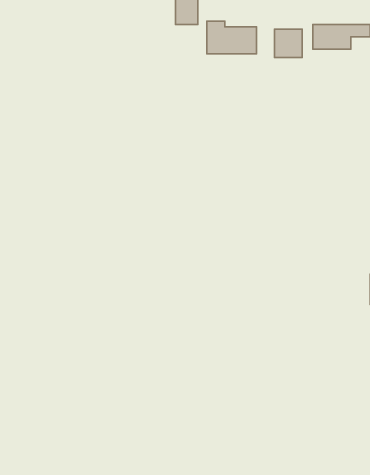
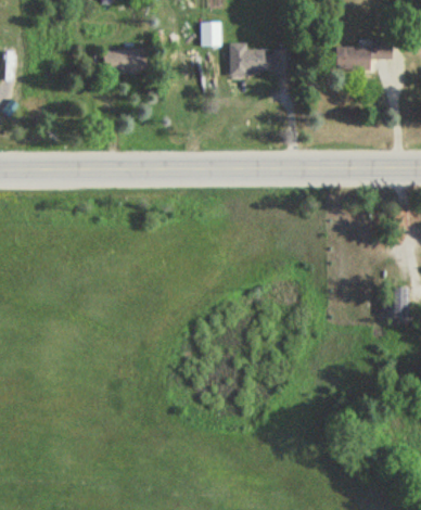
building: none -> [115,49,145,75]
building: [274,29,302,57] -> none

